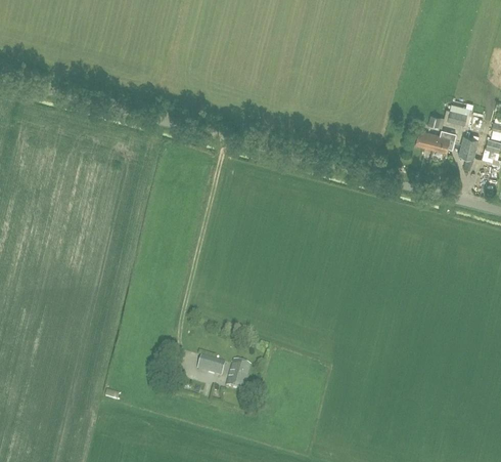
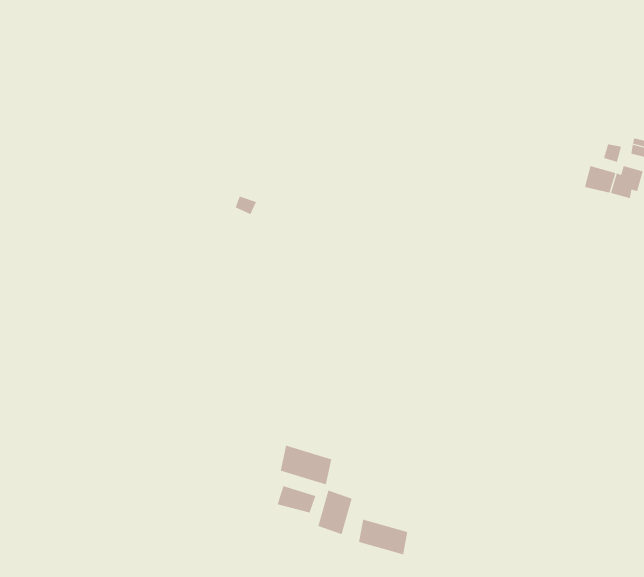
building: none -> [280,445,332,485]
building: none -> [358,519,408,555]

